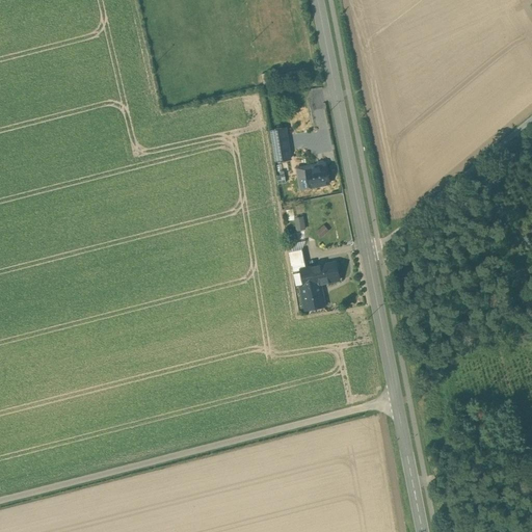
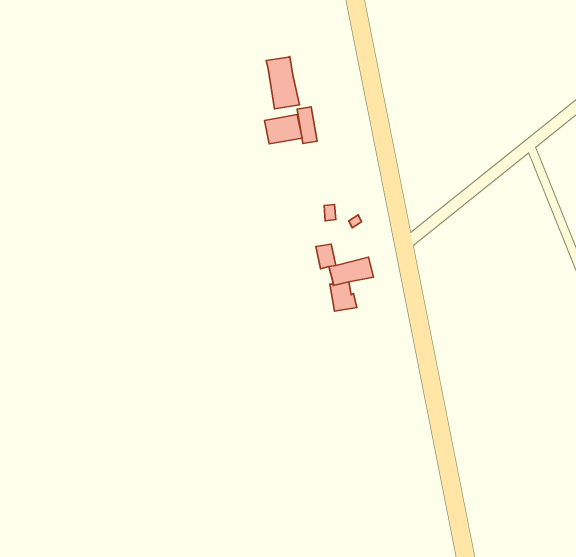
building: none -> [266,57,299,109]
building: [295,163,328,189] -> [264,115,302,144]

